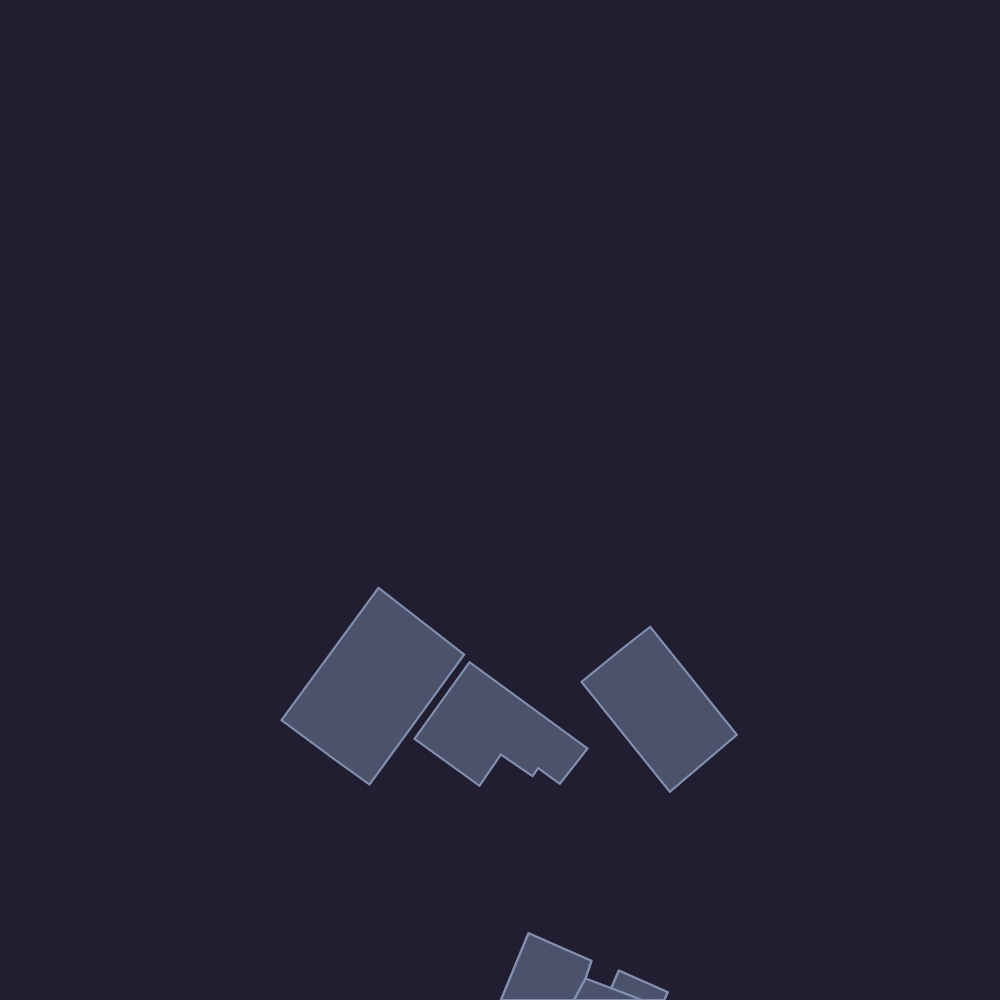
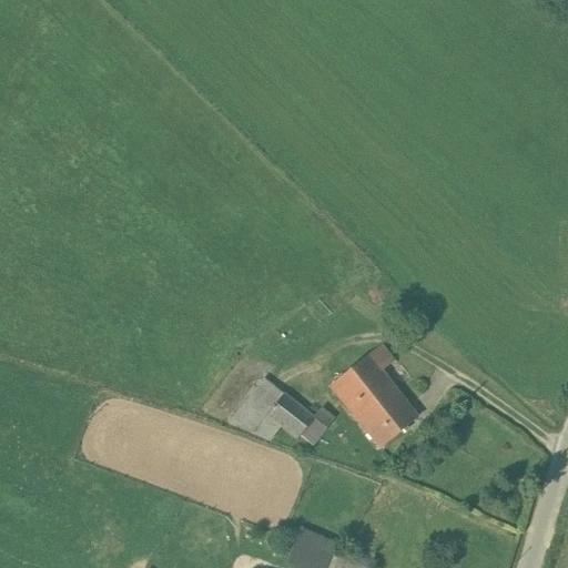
building: [281,588,464,785] -> none

